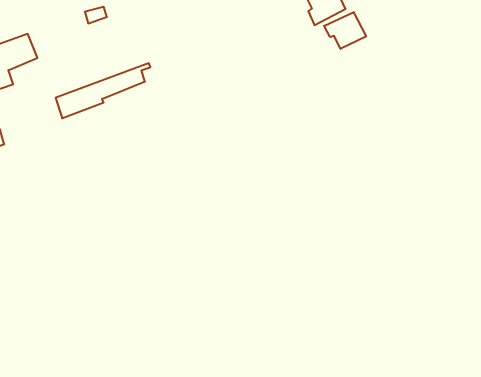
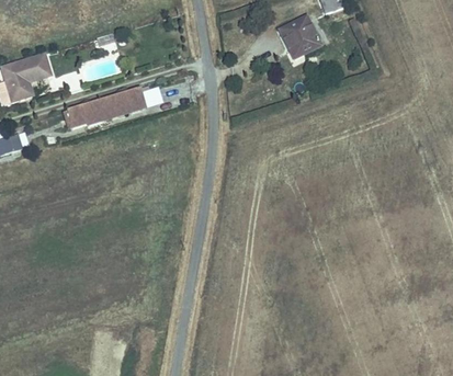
building: [324,12,366,49] -> none

